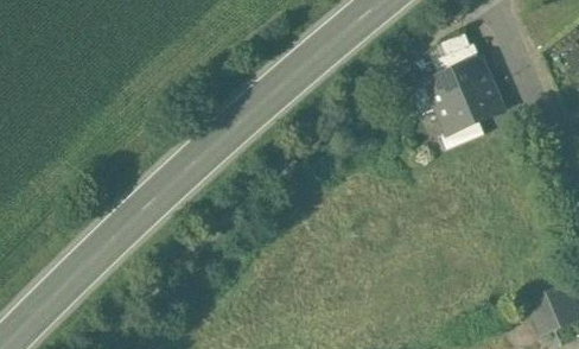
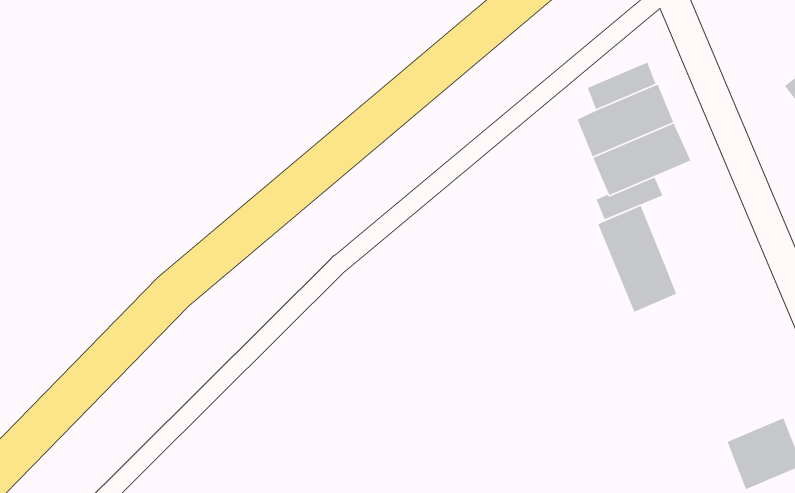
building: none -> [597,205,677,313]

